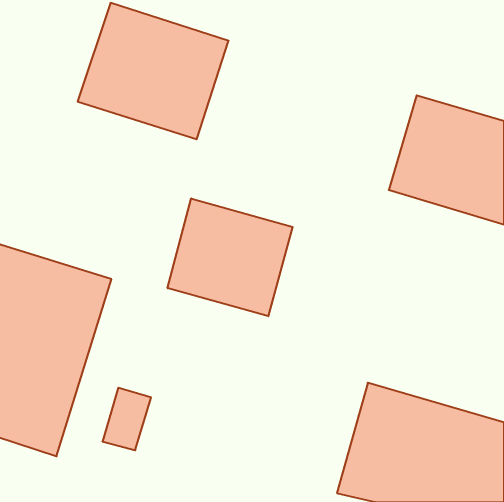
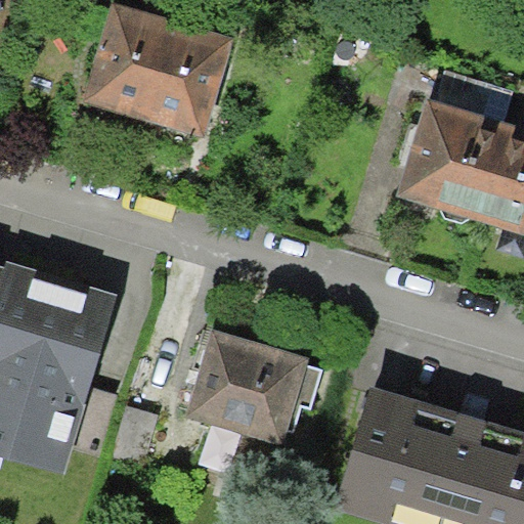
building: [168,198,293,316] -> none
building: none -> [189,336,315,444]

